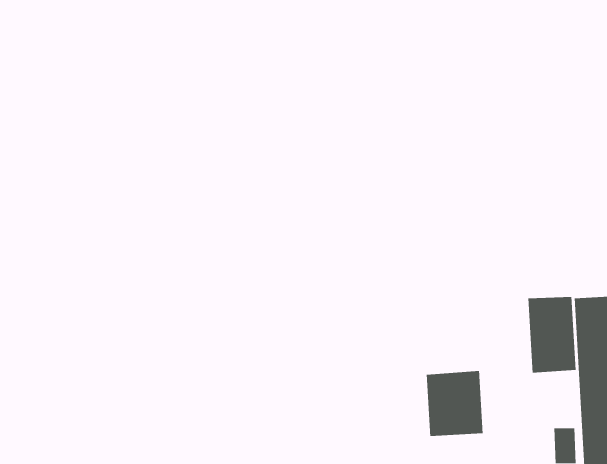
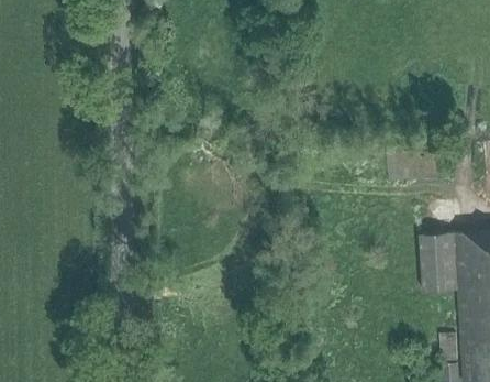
building: [426,370,483,437] -> none

